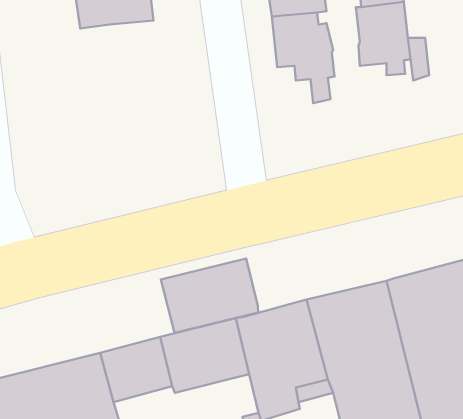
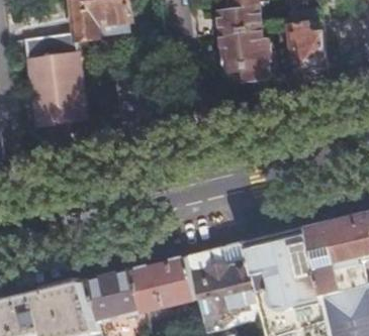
building: none -> [21,29,85,121]
building: [161,259,258,333] -> none

